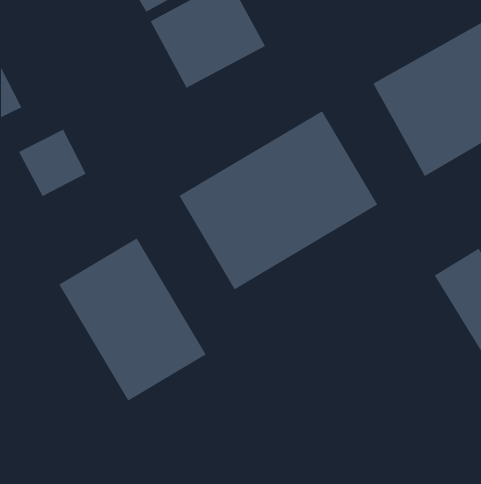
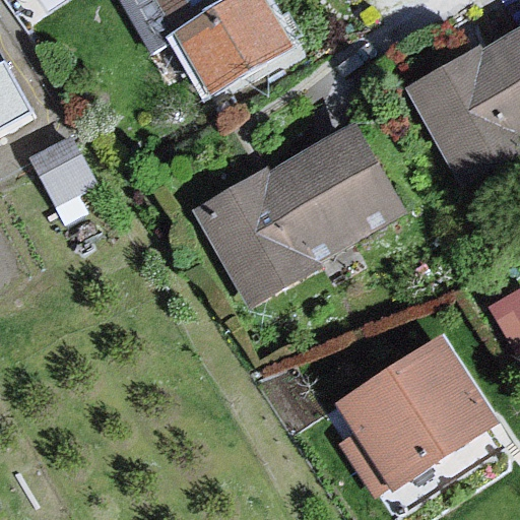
building: [59,237,207,401] -> none
building: none -> [329,335,498,495]

